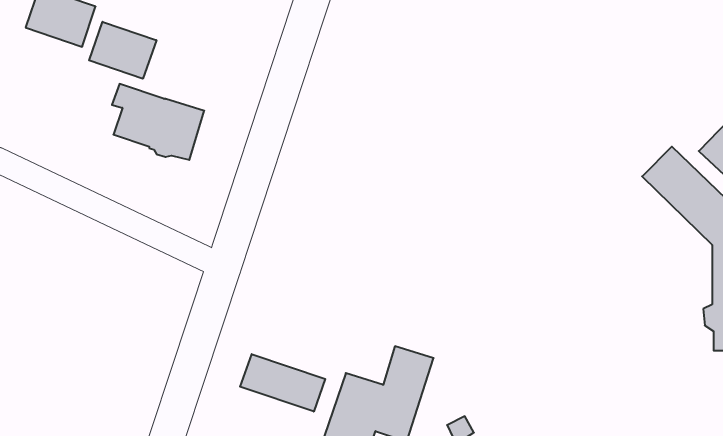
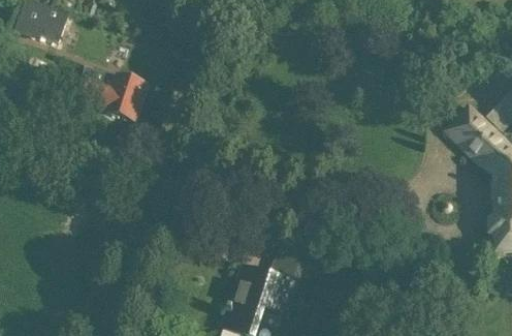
building: [89,22,156,79] -> none
building: [240,354,325,412] -> none

